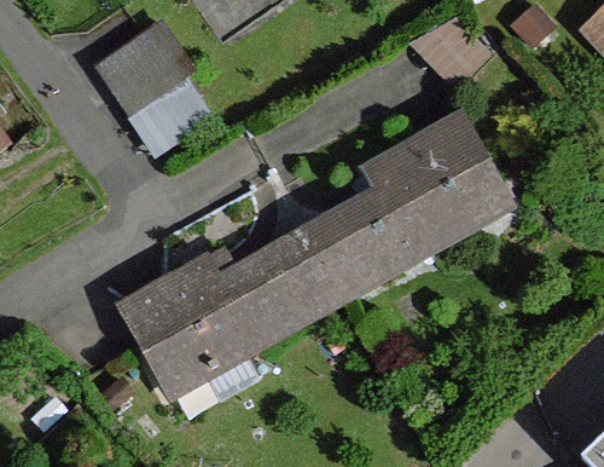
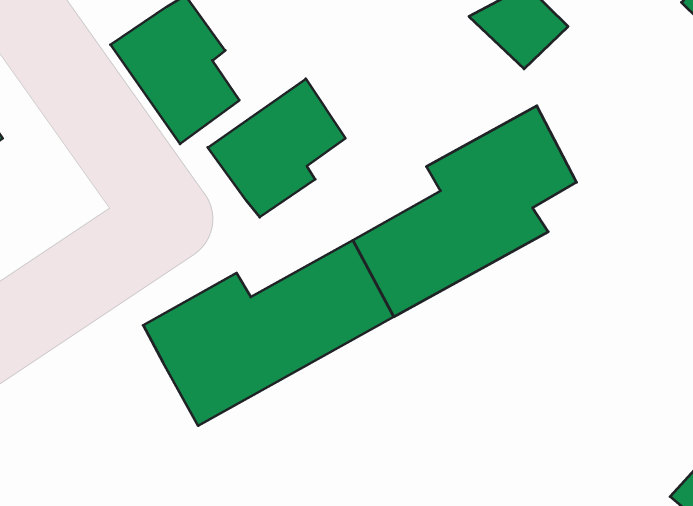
building: none -> [208,79,345,217]

